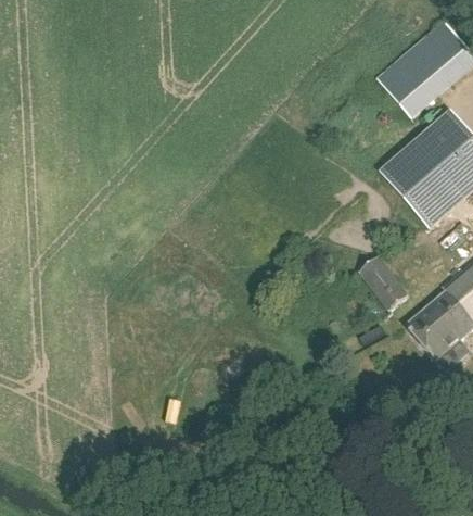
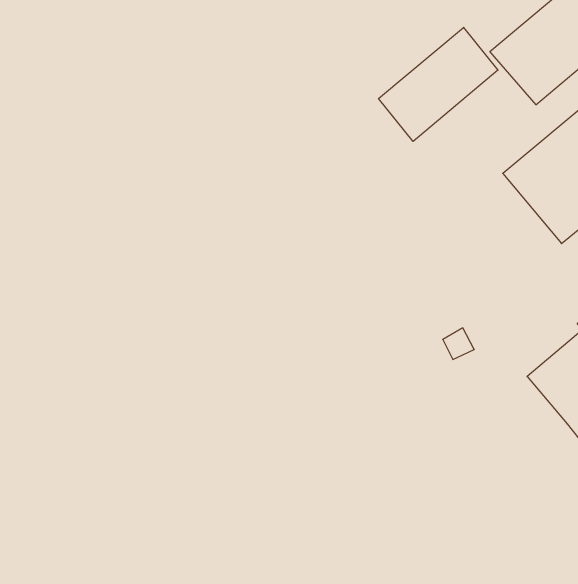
building: none -> [379,27,498,141]
building: [358,255,407,309] -> none

